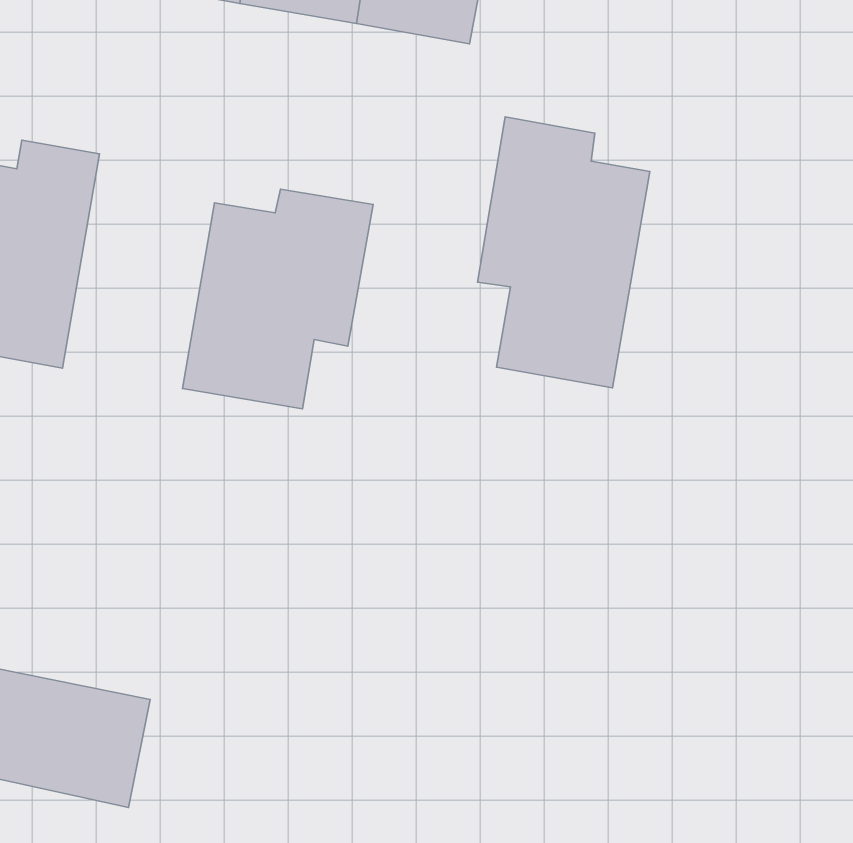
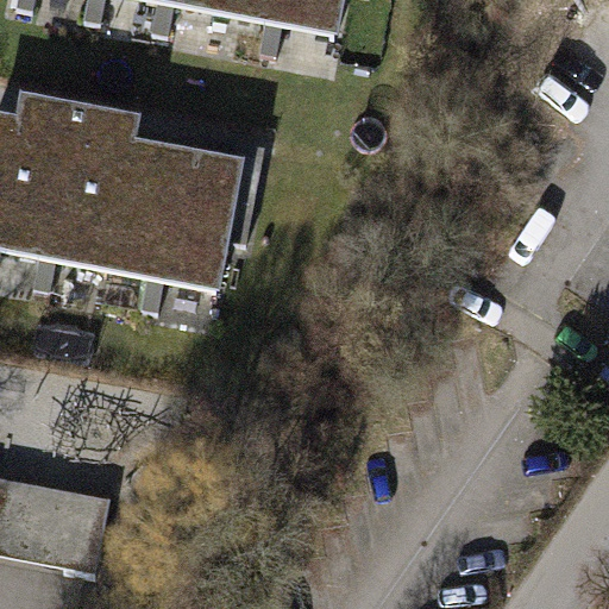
building: [478,117,650,388] -> none
building: none -> [44,108,151,274]

